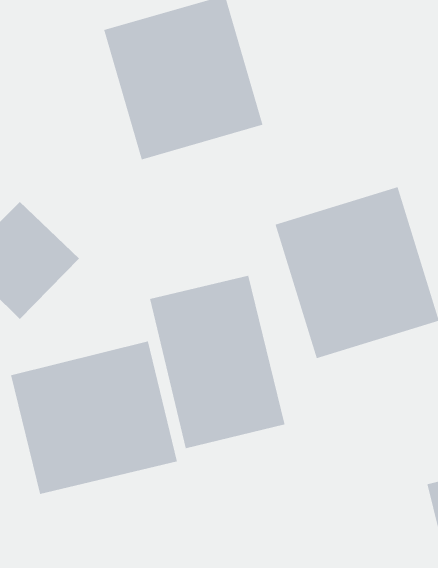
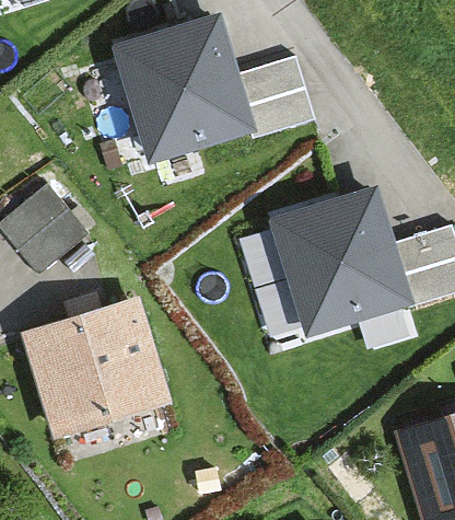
building: [149,275,285,449] -> none

